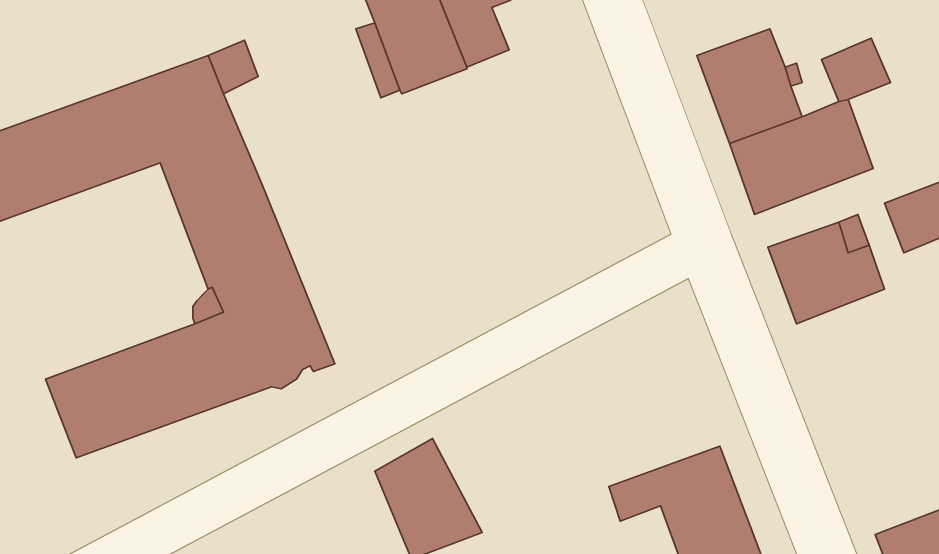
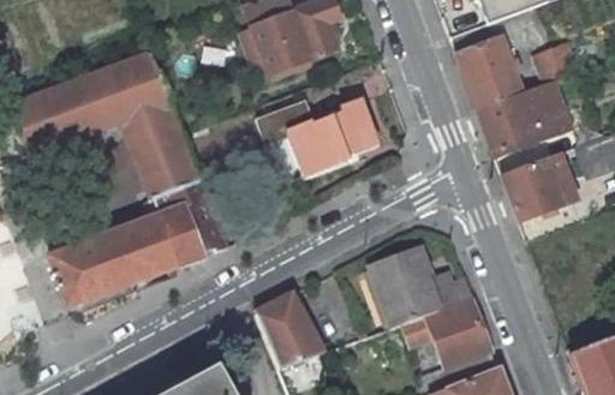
building: none -> [257,98,377,173]
building: none -> [370,246,472,325]

